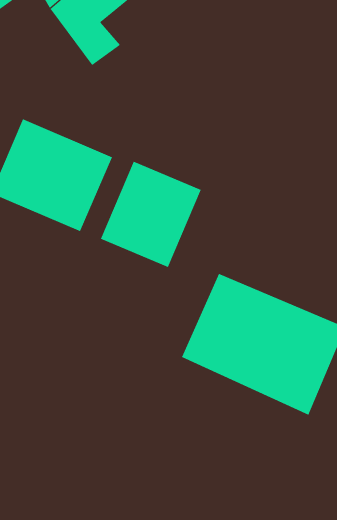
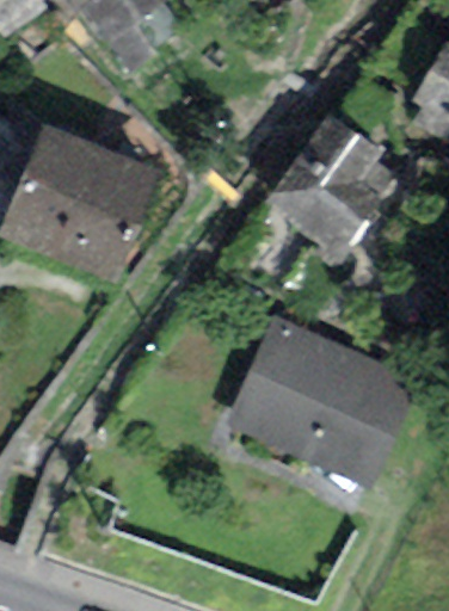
building: none -> [271,119,381,247]
building: [100,161,202,268] -> none

